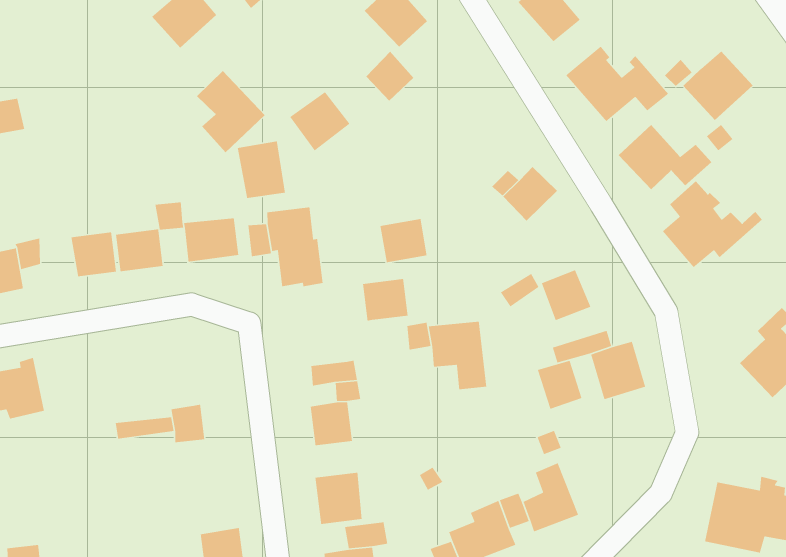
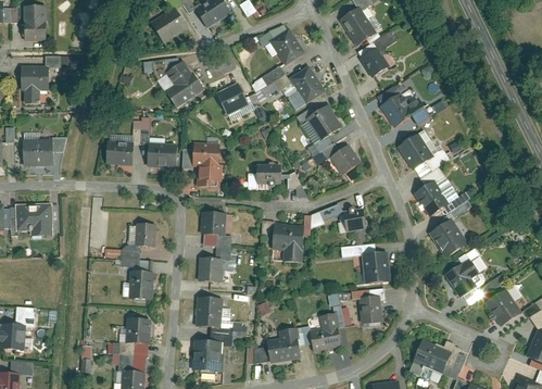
building: none -> [289,66,325,104]
building: [682,51,754,121] -> none
building: none -> [306,105,341,140]
building: [237,141,286,199] -> none
building: none -> [429,201,471,259]
building: [71,231,117,277] -> none
building: [362,278,409,321] -> [201,213,226,236]
building: [537,360,583,410] -> [358,298,381,324]
building: none -> [135,224,154,247]
building: none -> [128,271,151,299]

